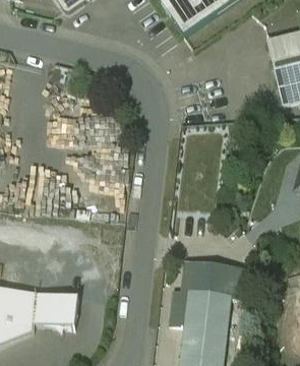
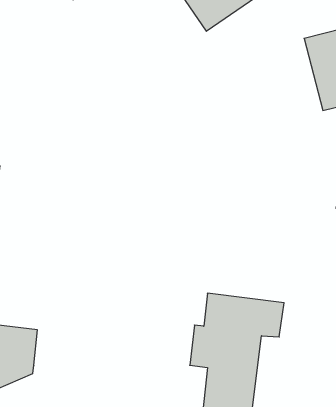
building: [35,293,78,328] -> none

